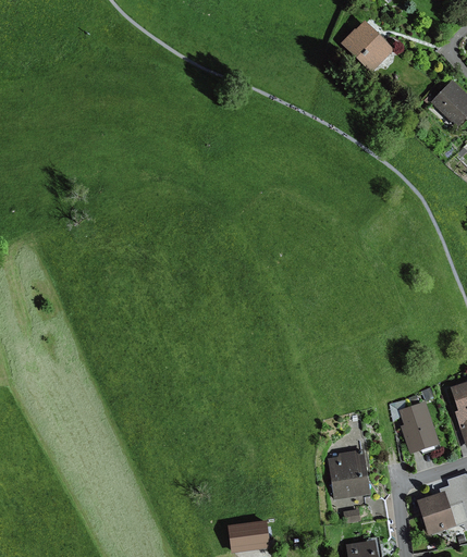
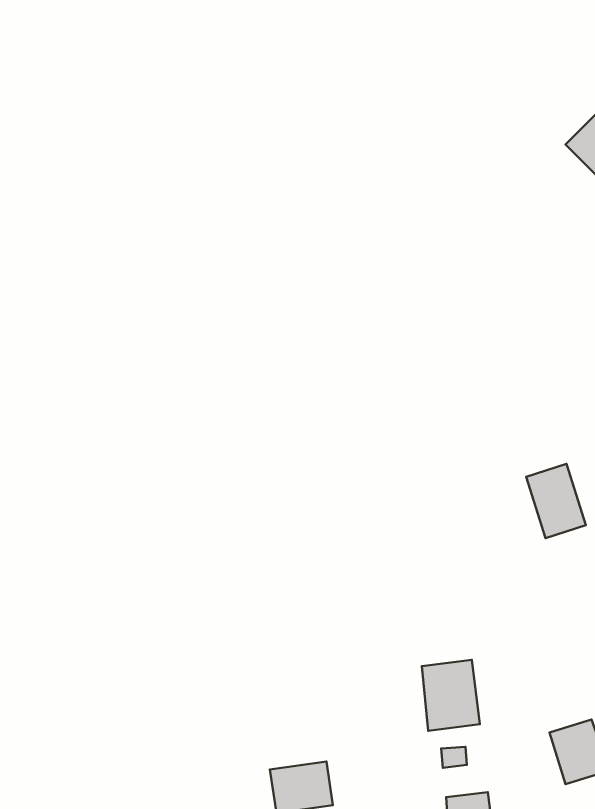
building: [344,20,397,73] -> none
building: [398,403,439,453] -> [526,464,586,538]

